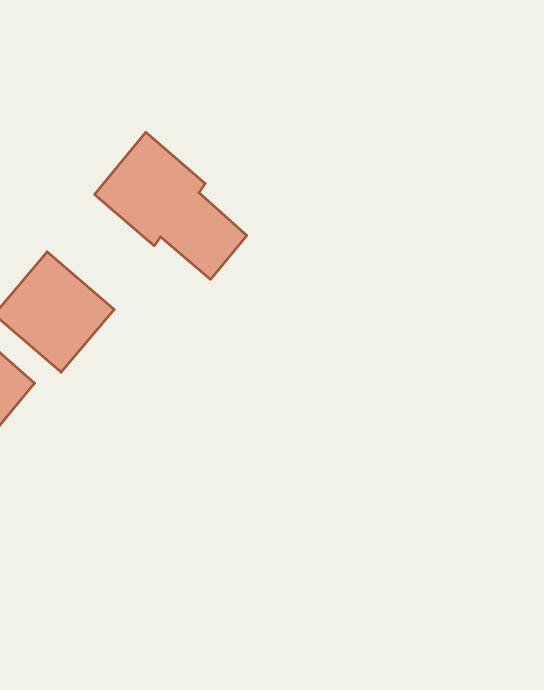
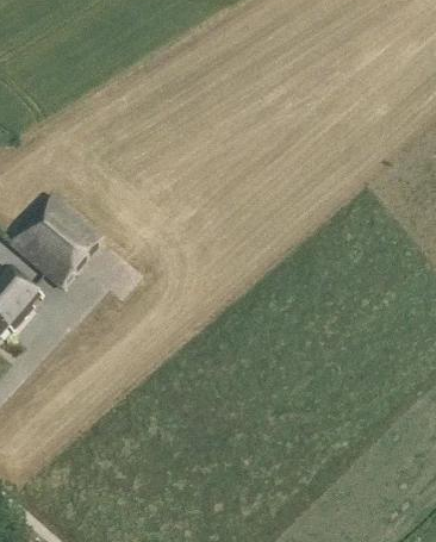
building: [95,132,247,279] -> none

